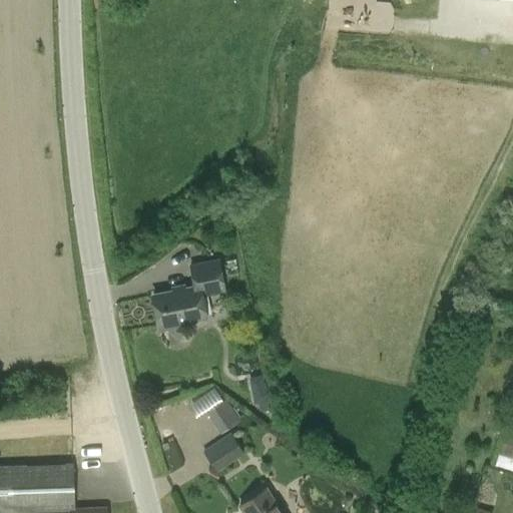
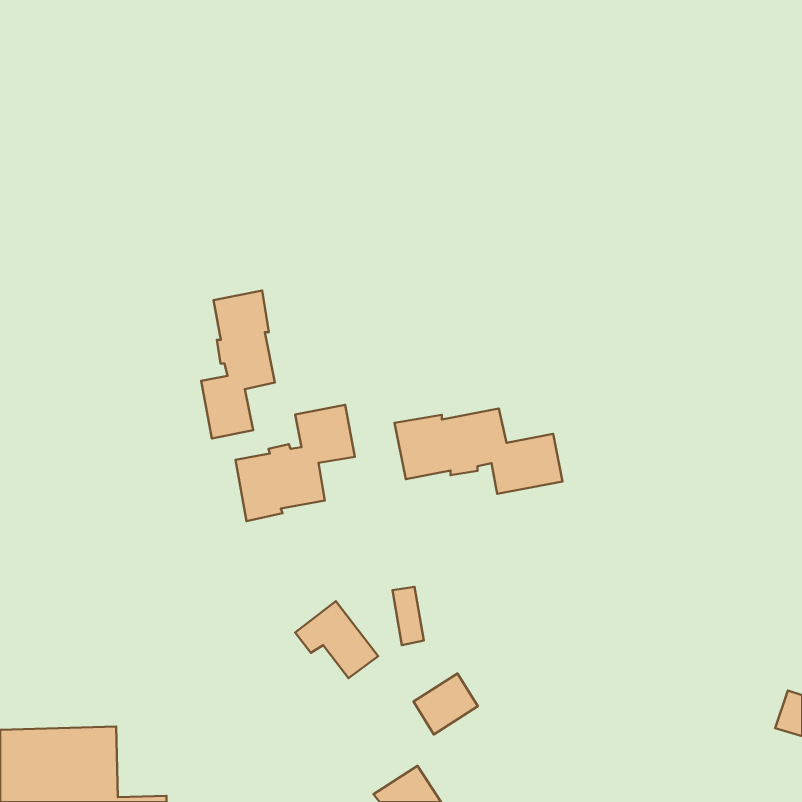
building: none -> [201,291,275,438]
building: none -> [395,408,562,494]
building: [203,434,244,473] -> [414,673,478,735]

